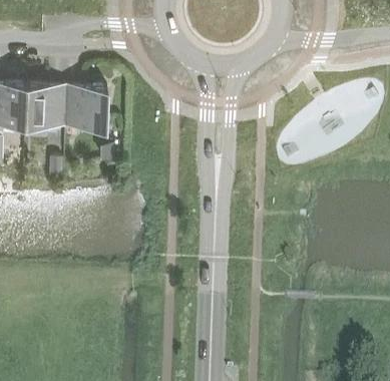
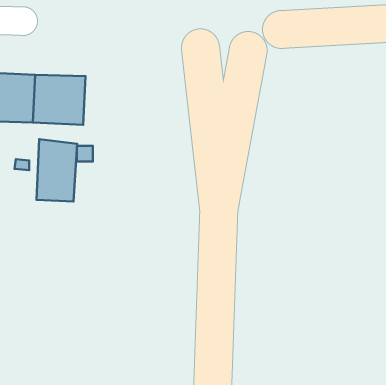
building: none -> [36,139,77,201]

